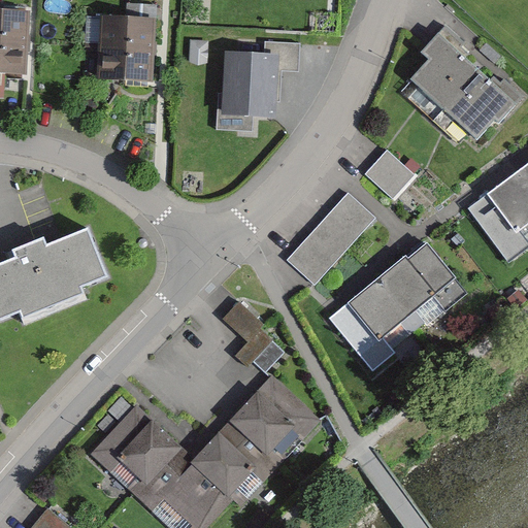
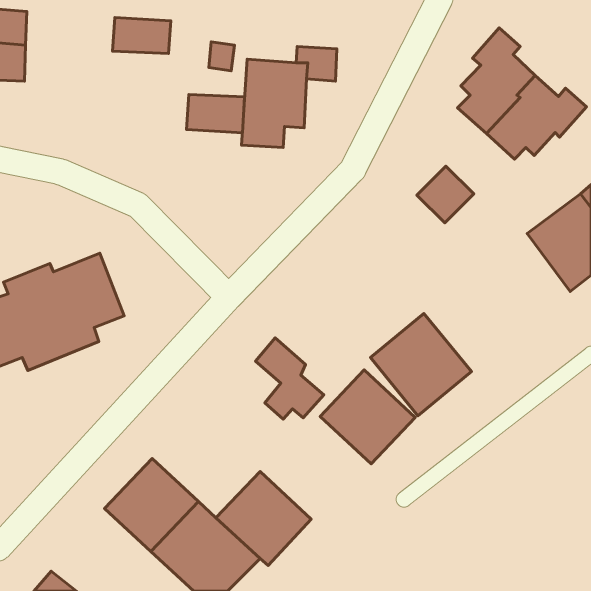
building: [98,45,150,79] -> [187,95,245,133]
building: [287,192,376,284] -> none
building: [376,240,465,330] -> none
building: [231,377,316,461] -> [320,370,415,464]

